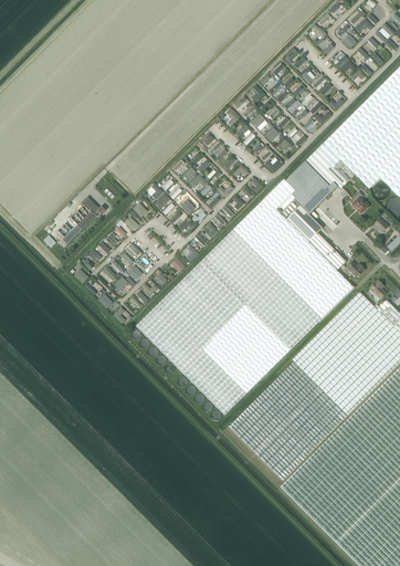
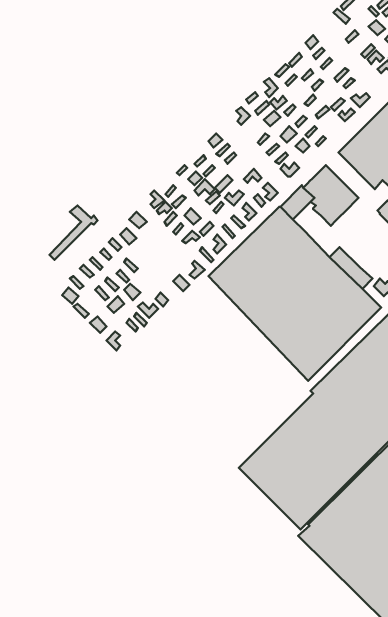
building: [305,150,348,189] -> none
building: [286,206,323,242] -> none
building: [136,259,290,413] -> none

